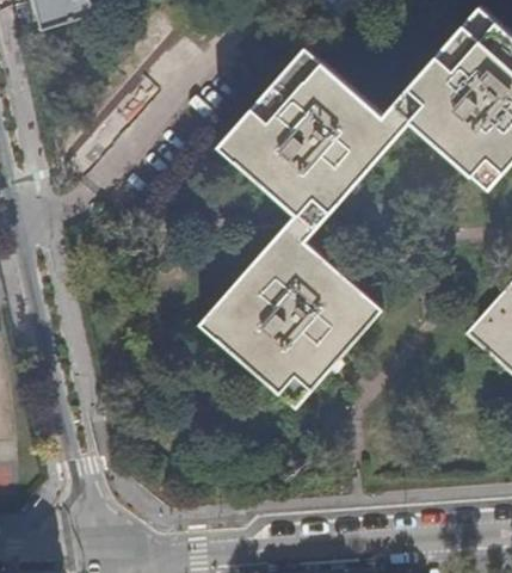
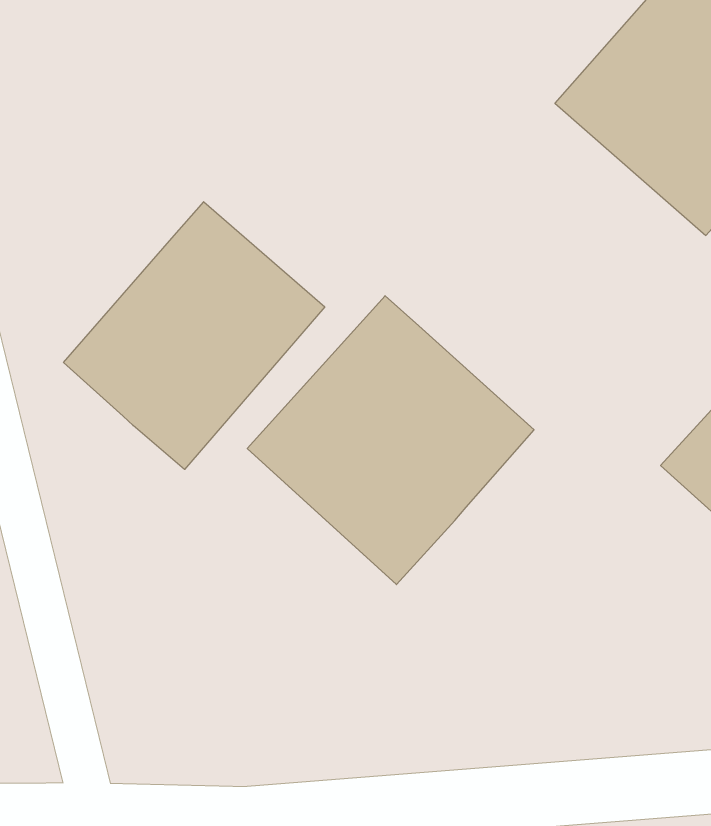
building: [217,48,400,233] -> none
building: none -> [64,202,325,469]

